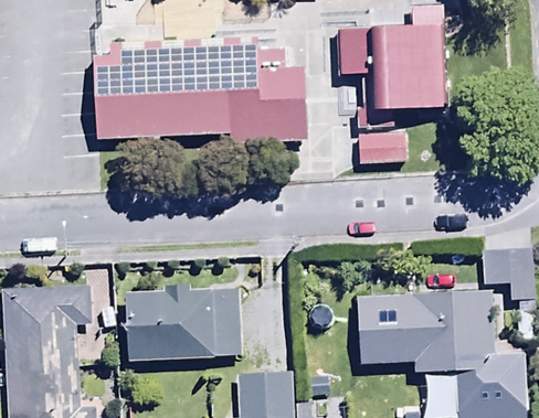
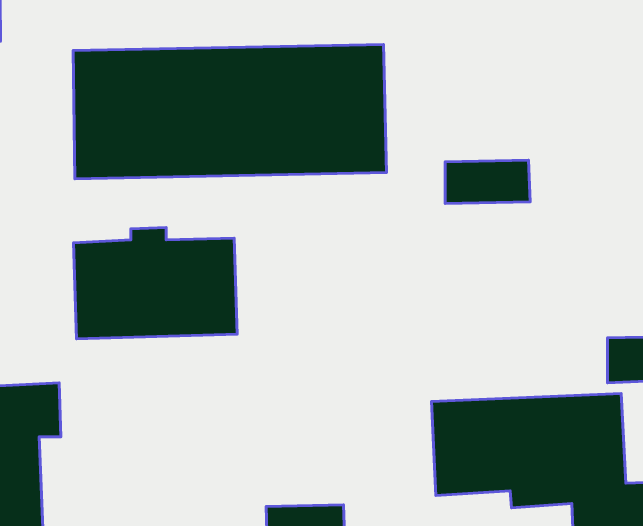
building: [345,15,456,107] -> none
building: [121,280,239,360] -> [74,227,237,339]

